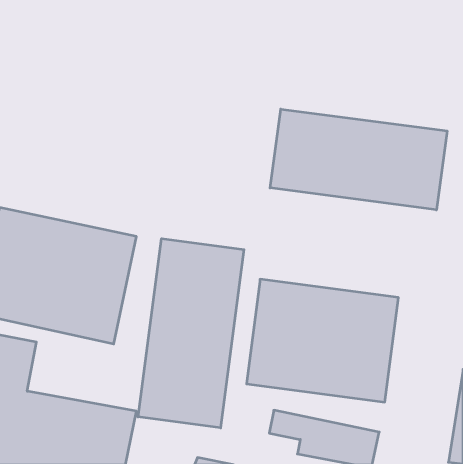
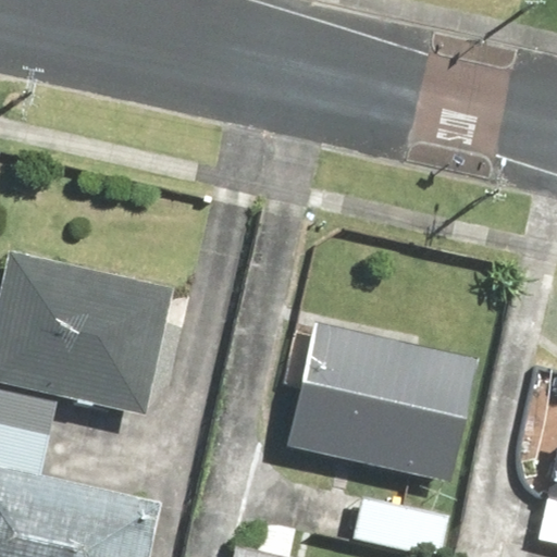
building: [270,109,447,210] -> none
building: [138,239,244,428] -> none

